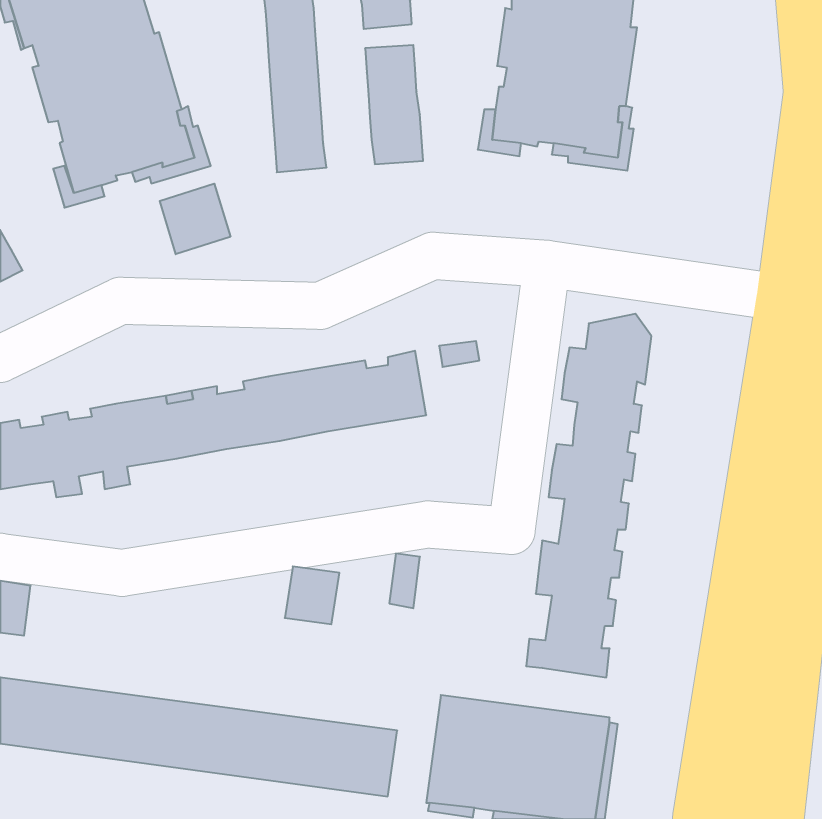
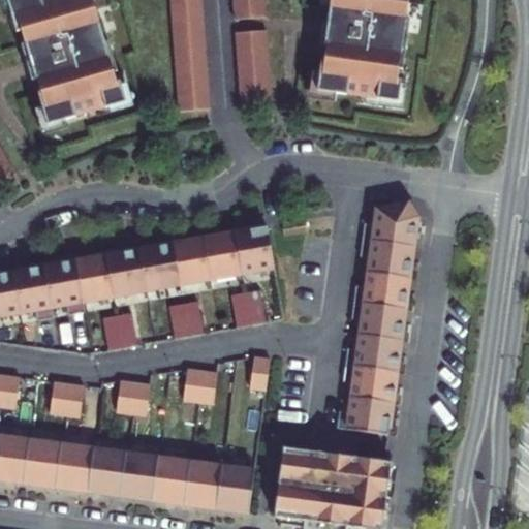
building: [160,184,230,254] -> none
building: none -> [230,289,266,326]
building: none -> [168,301,204,338]
building: none -> [102,312,137,349]
building: none -> [117,373,151,409]
building: none -> [51,380,84,417]

